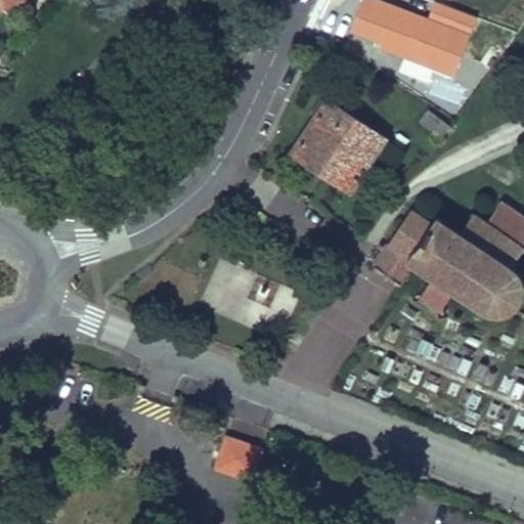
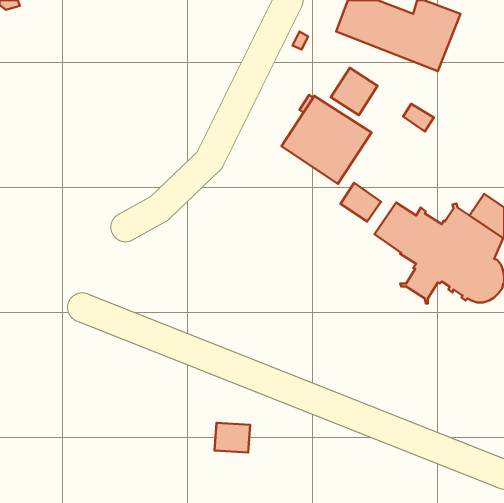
building: none -> [331,68,377,115]
building: [374,245,416,285] -> [340,183,381,221]

